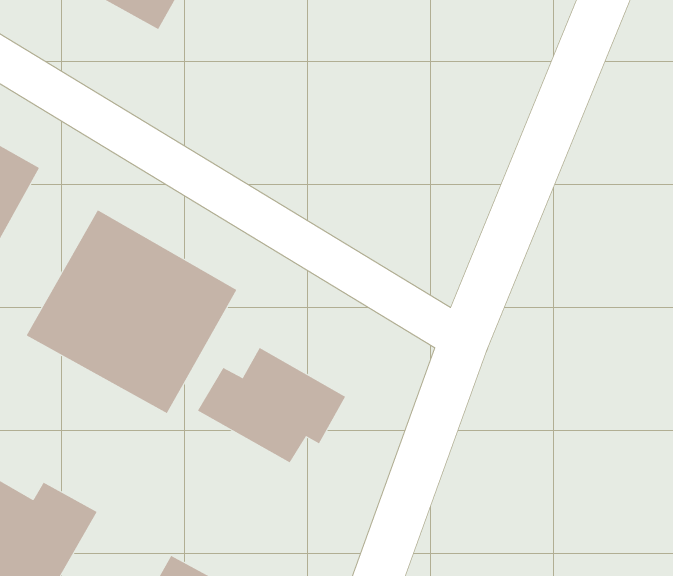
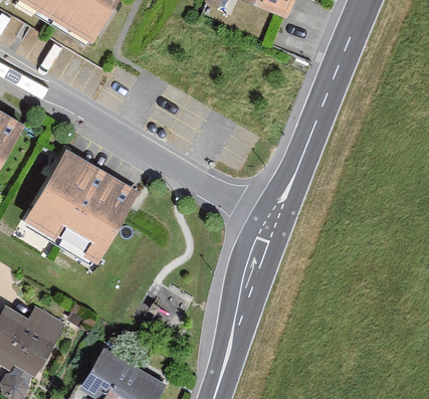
building: [197,347,346,463] -> none

